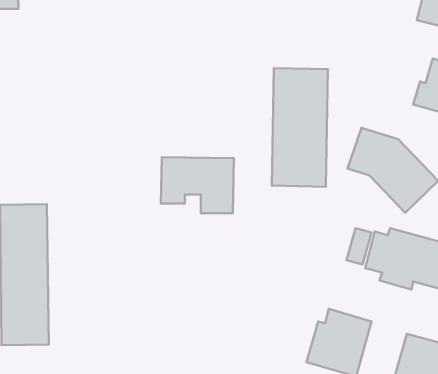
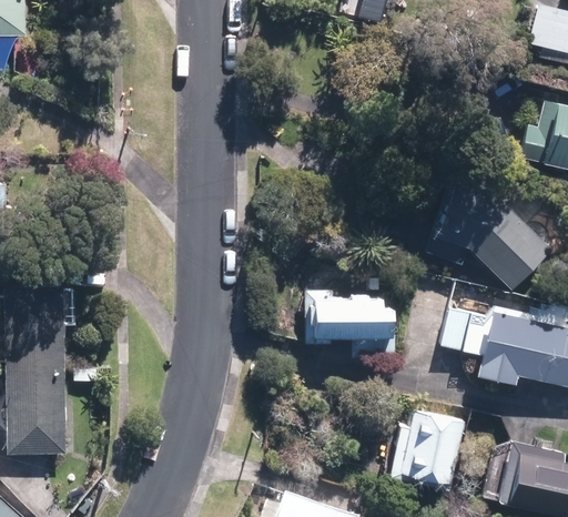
building: [272,68,328,187] -> none
building: [161,157,234,213] -> [303,290,394,359]

